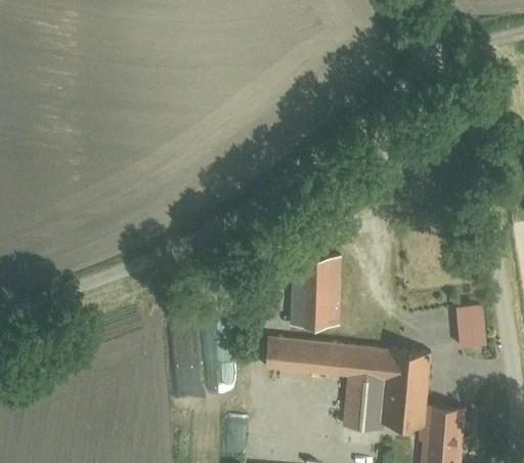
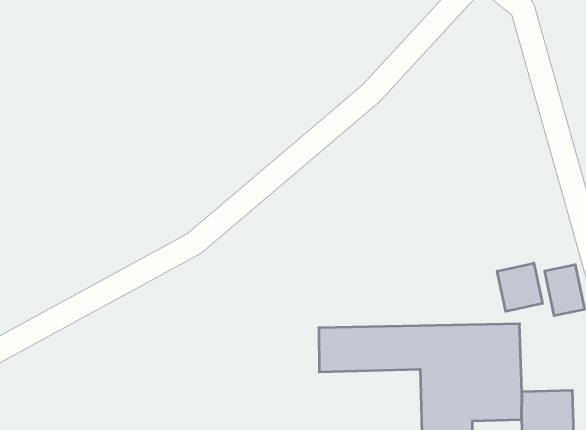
building: [287,260,339,329] -> none
building: none -> [497,263,542,311]

